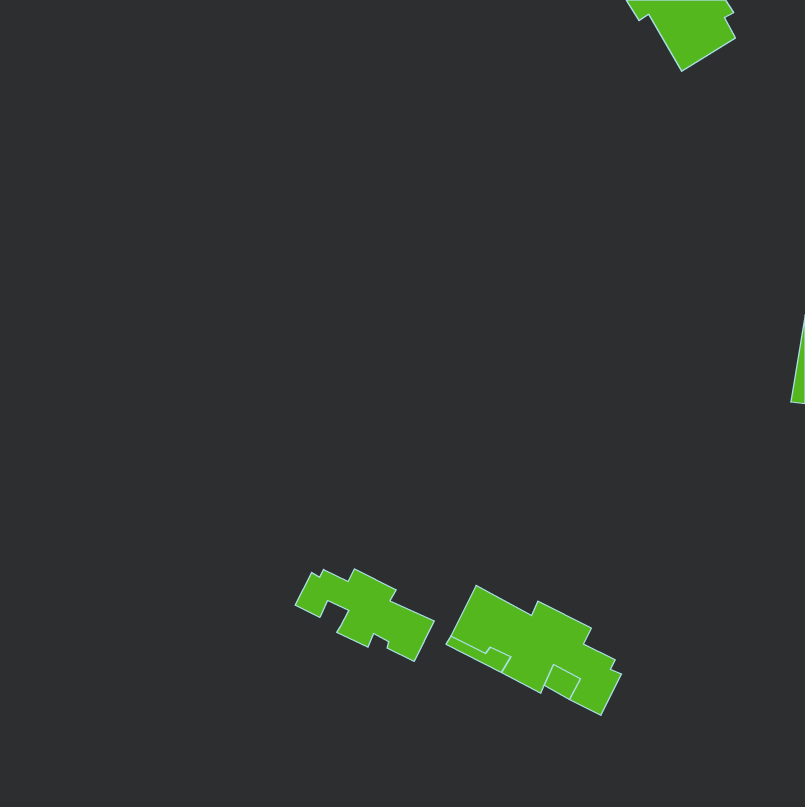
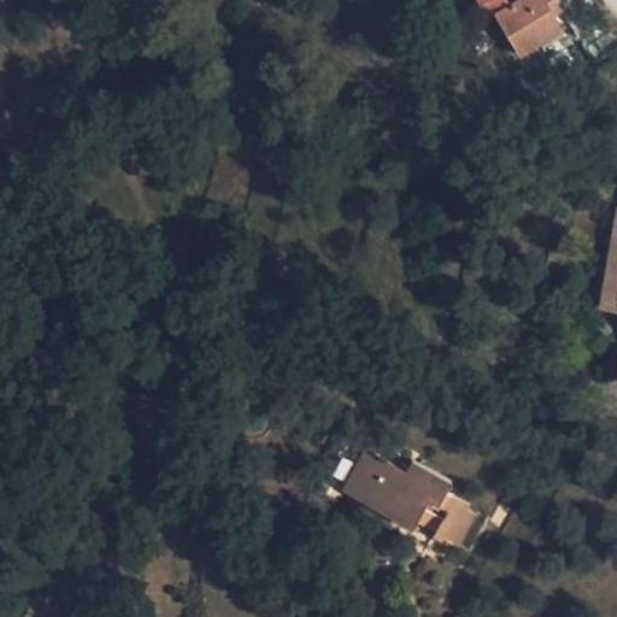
building: [295,569,434,661] -> none

